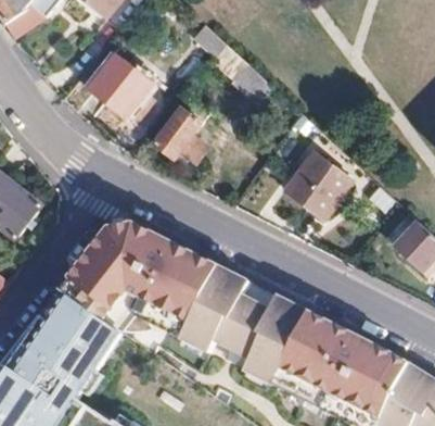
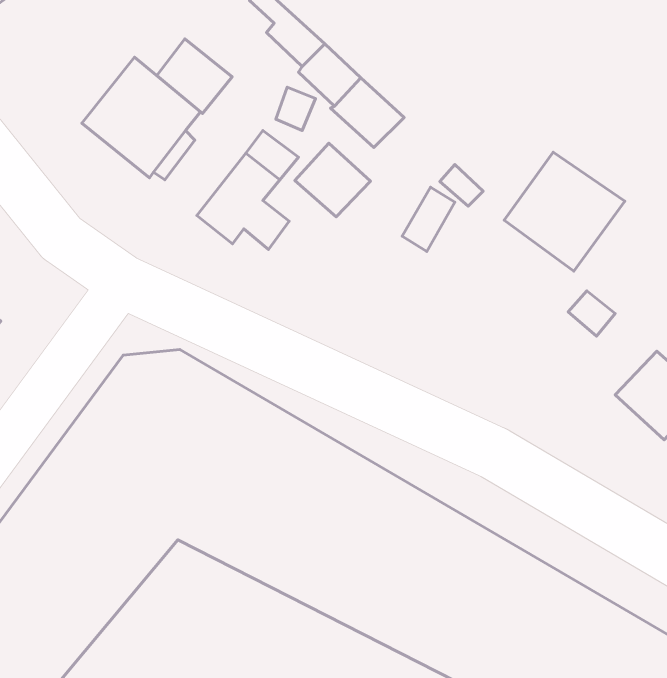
building: none -> [157,39,232,114]
building: none -> [295,143,370,217]
building: [283,149,353,217] -> [504,152,625,271]

